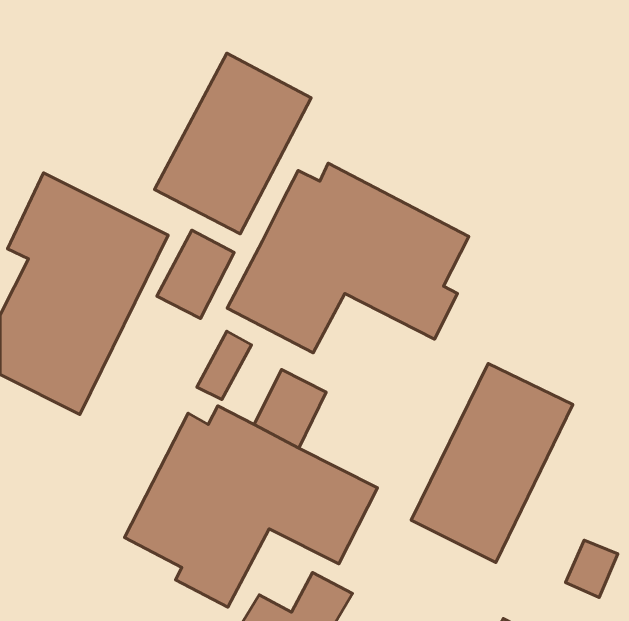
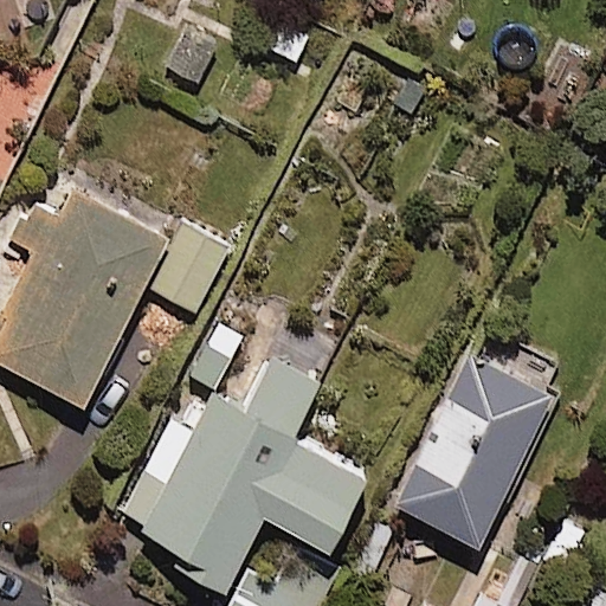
building: [155,53,311,234] -> none
building: [227,163,469,353] -> none

